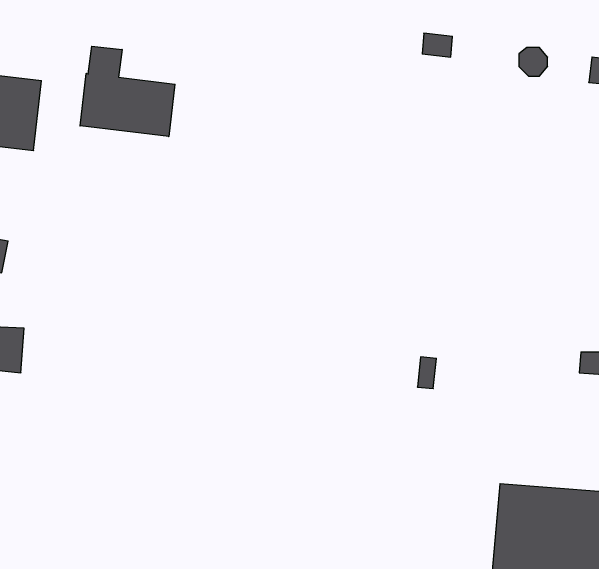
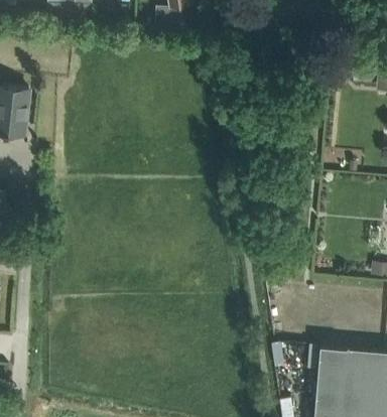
building: [80,46,175,137] -> none

